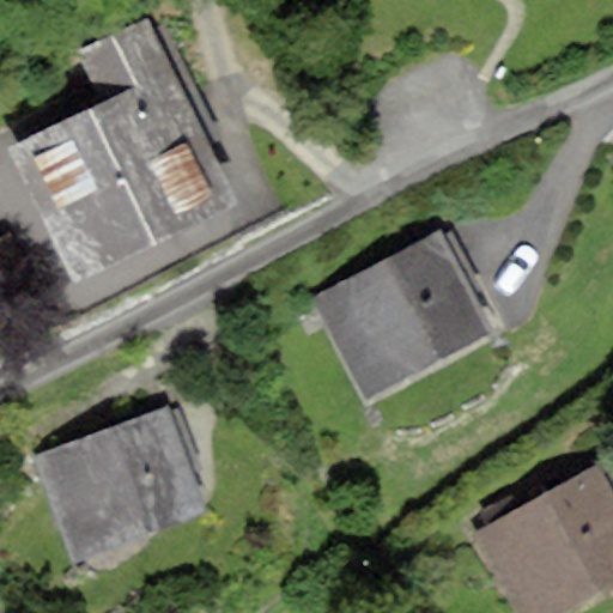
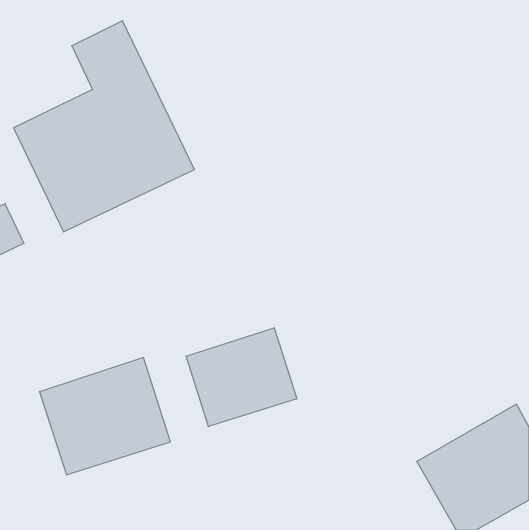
building: [320,236,484,388] -> none
building: none -> [186,328,297,427]

